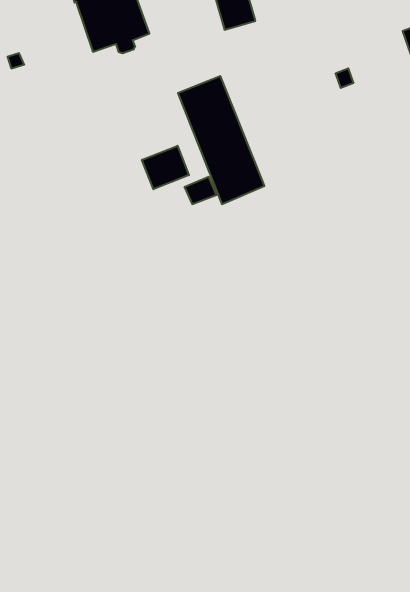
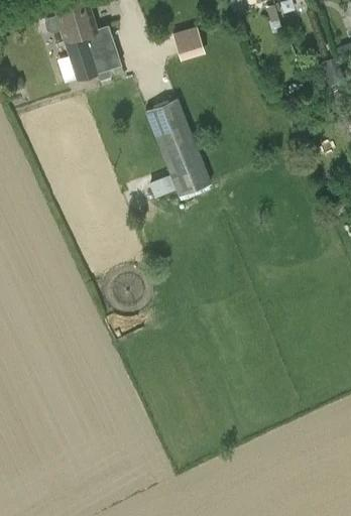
building: [142,146,189,189] -> none

